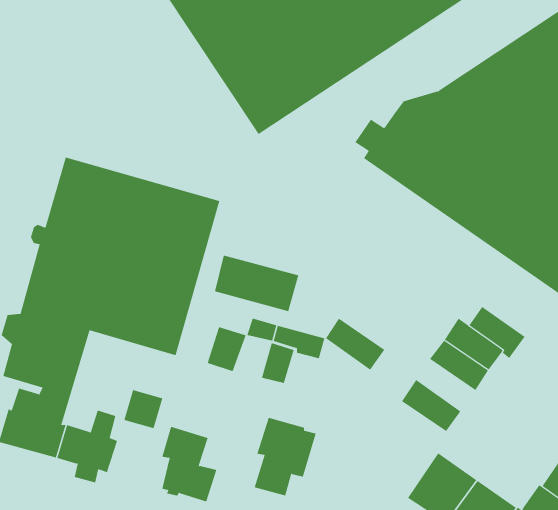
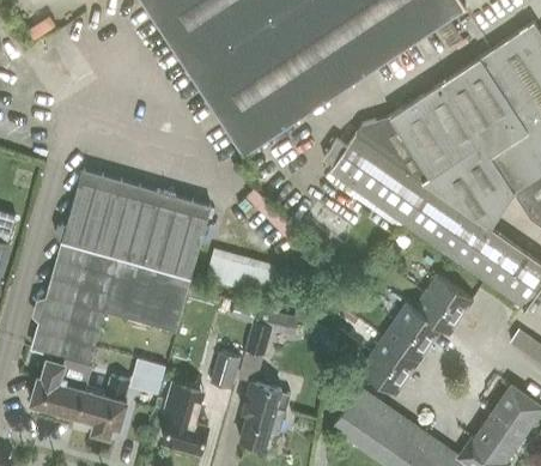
building: none -> [425,277,473,319]
building: [325,318,385,370] -> [371,337,420,380]
building: [207,327,246,372] -> [209,355,242,392]
building: none -> [332,391,389,450]

